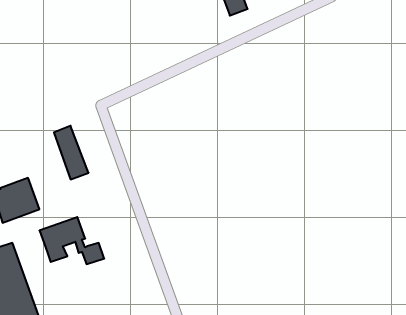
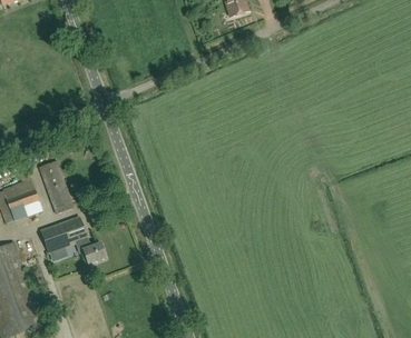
building: [54,126,89,179] -> [38,160,72,213]

